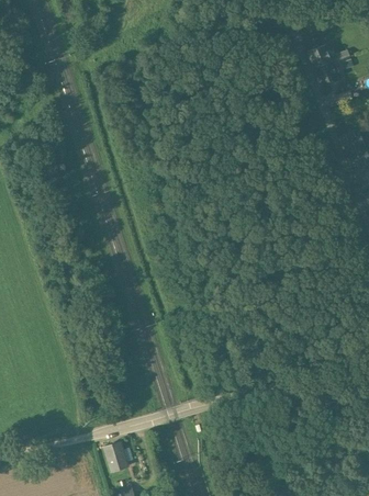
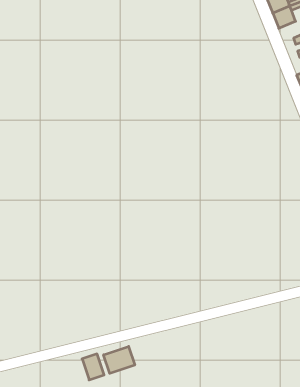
building: none -> [104,346,135,373]

